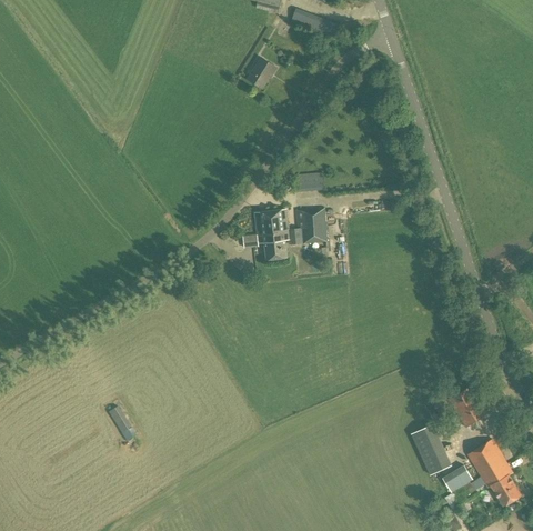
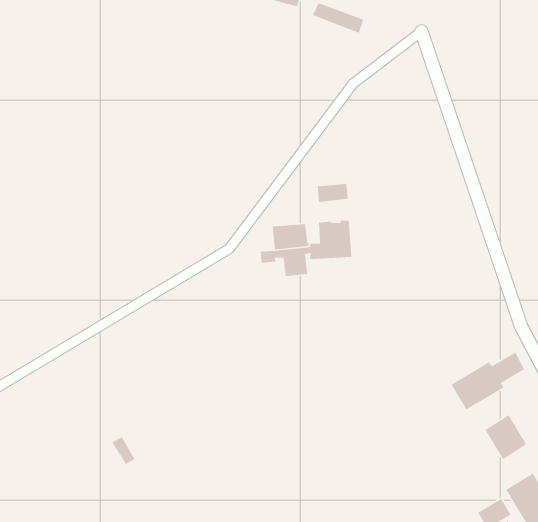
building: [248,58,276,89] -> none
building: none -> [451,351,525,411]
building: [411,421,451,473] -> none

